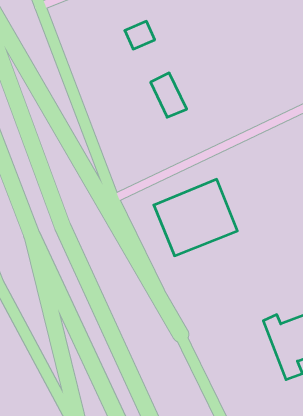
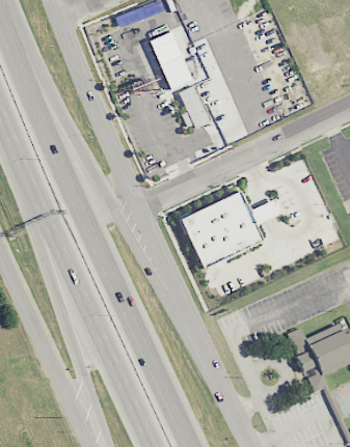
building: none -> [162,56,194,94]

